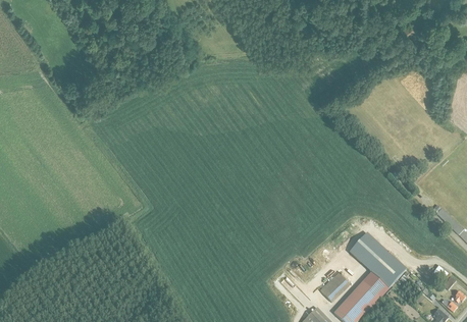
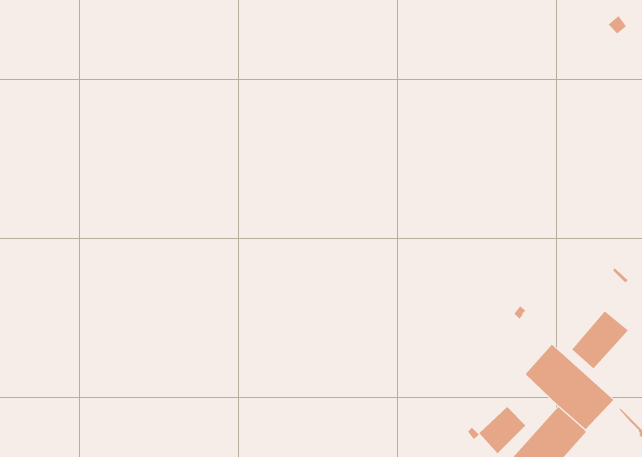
building: none -> [572,311,629,369]

